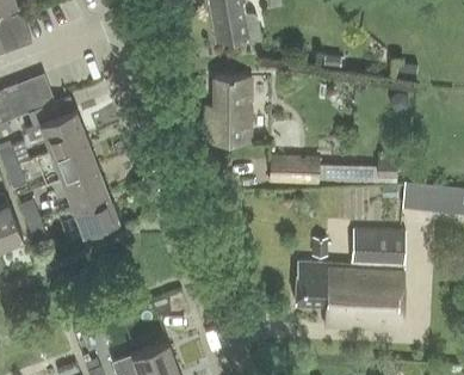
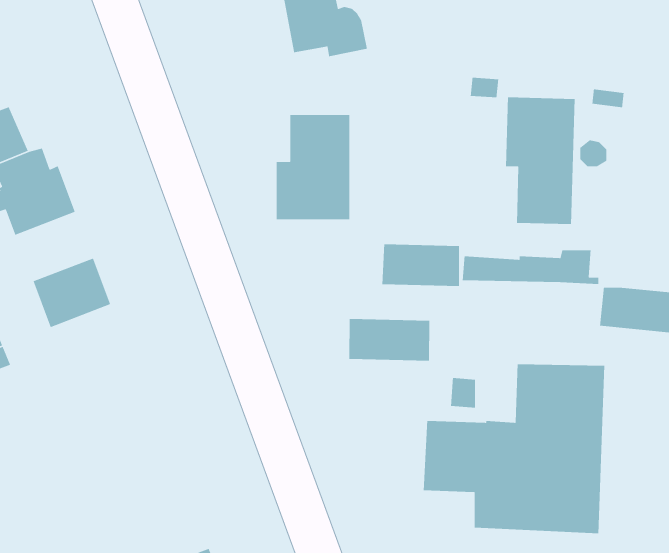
building: none -> [505,97,575,225]
building: [48,137,95,179] -> none
building: [69,193,117,236] -> none
building: none -> [349,318,430,362]

